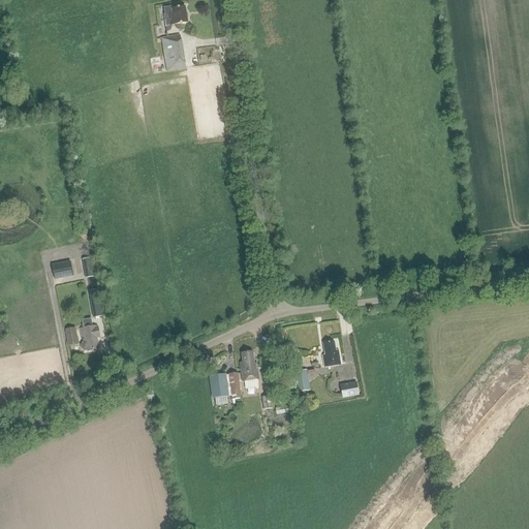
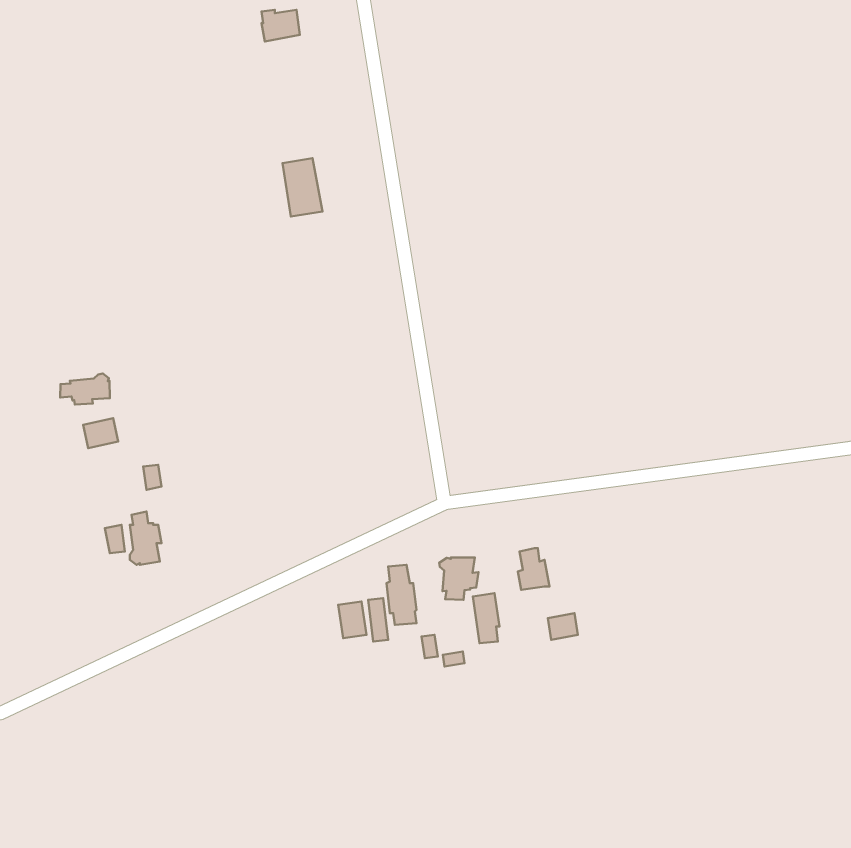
building: [161,34,186,70] -> [283,158,323,216]
building: none -> [60,373,110,404]
building: none -> [439,557,478,600]

